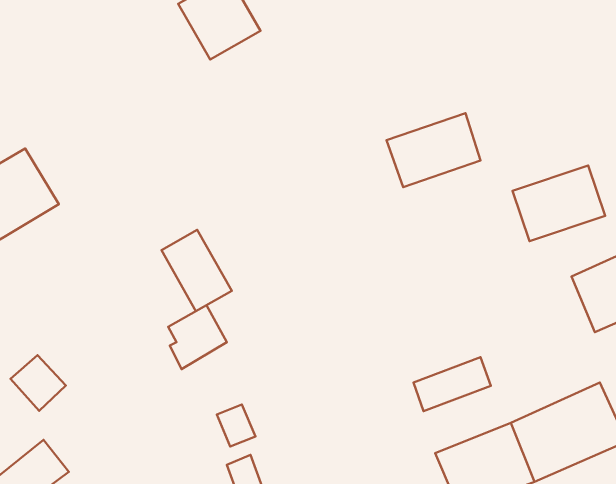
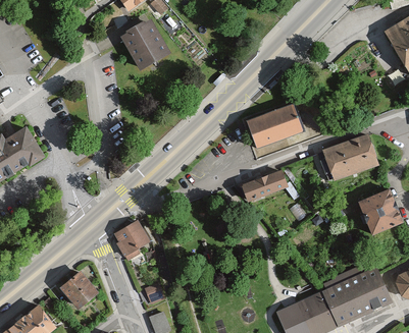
building: [161,230,232,311] -> none
building: [11,355,66,411] -> [61,269,95,302]
building: [413,357,491,411] -> [240,170,287,203]

